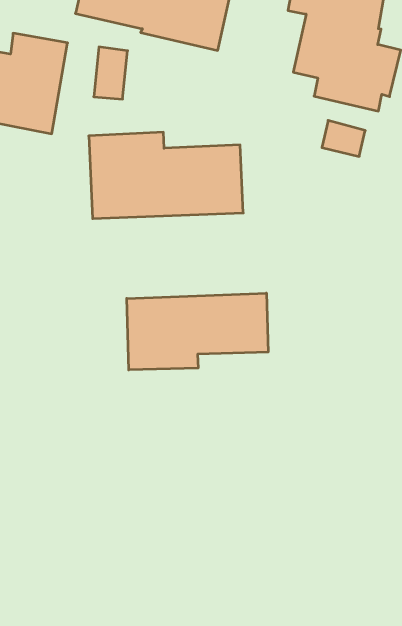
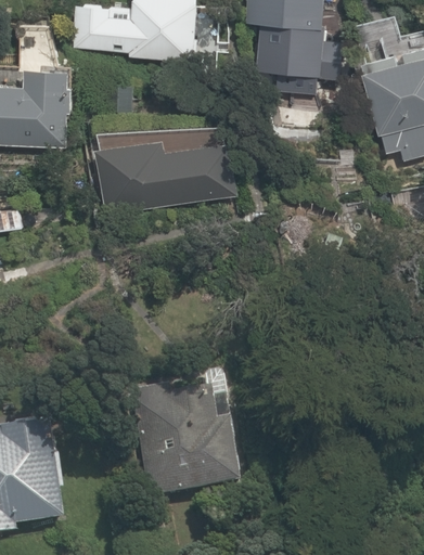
building: [127,293,268,370] -> none
building: none -> [133,385,242,495]

